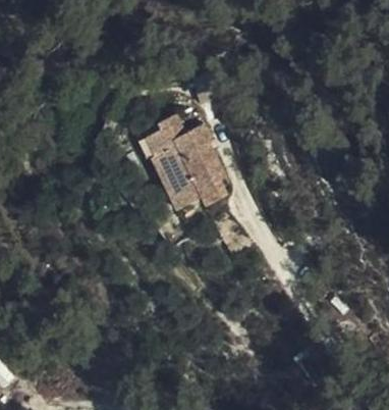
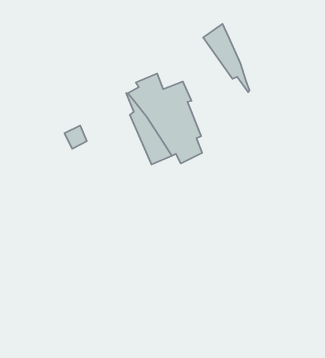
building: none -> [203,24,249,92]

